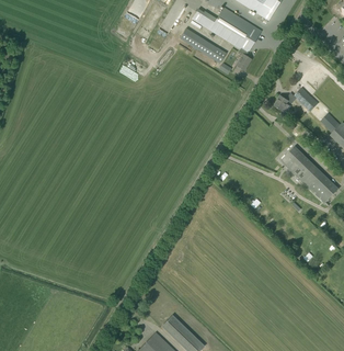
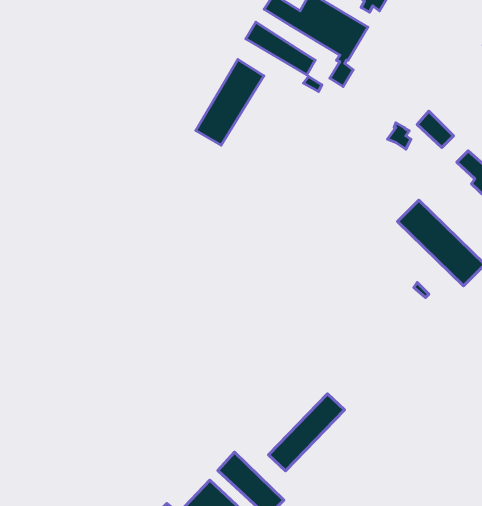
building: none -> [196,60,264,145]
building: none -> [269,394,345,471]

